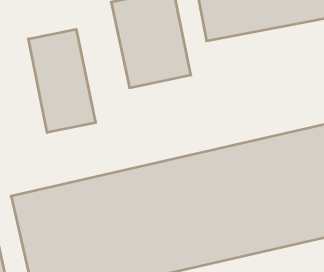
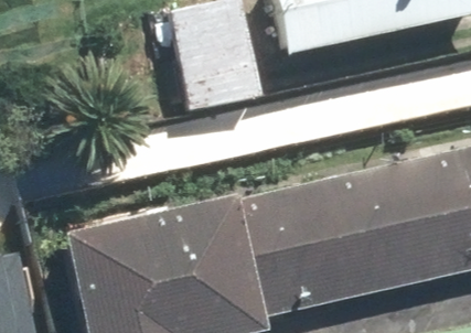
building: [28,29,96,133] -> none

